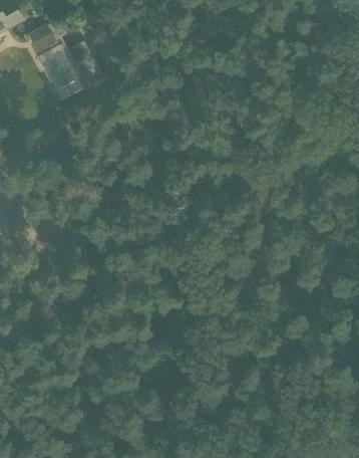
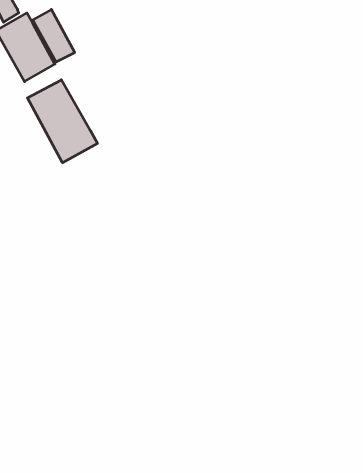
building: none -> [27,80,97,163]

